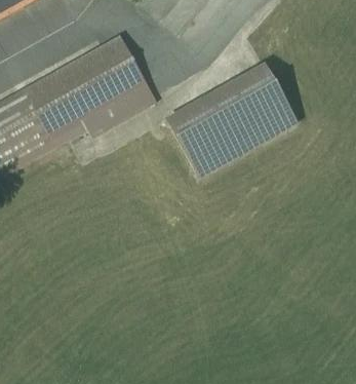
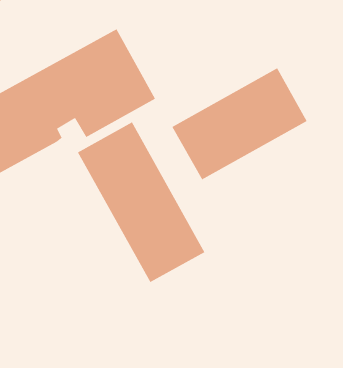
building: none -> [77,122,205,283]

